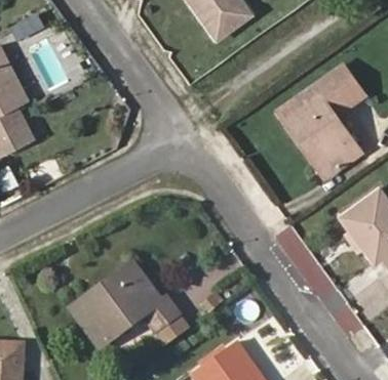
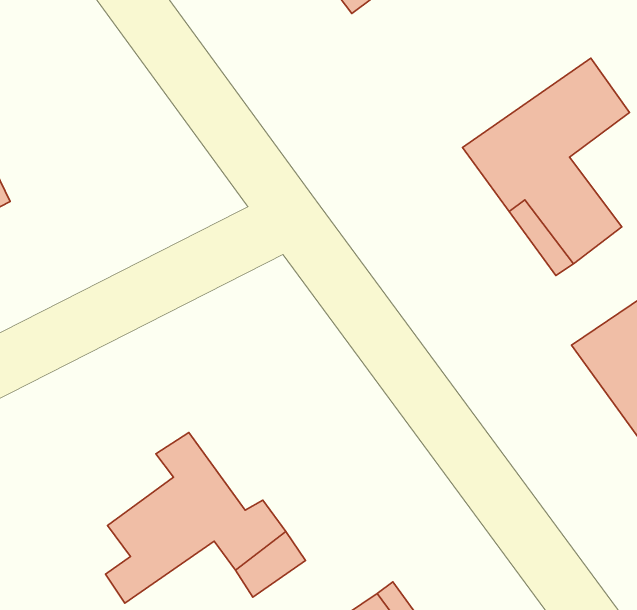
building: [67,272,123,336] -> none

